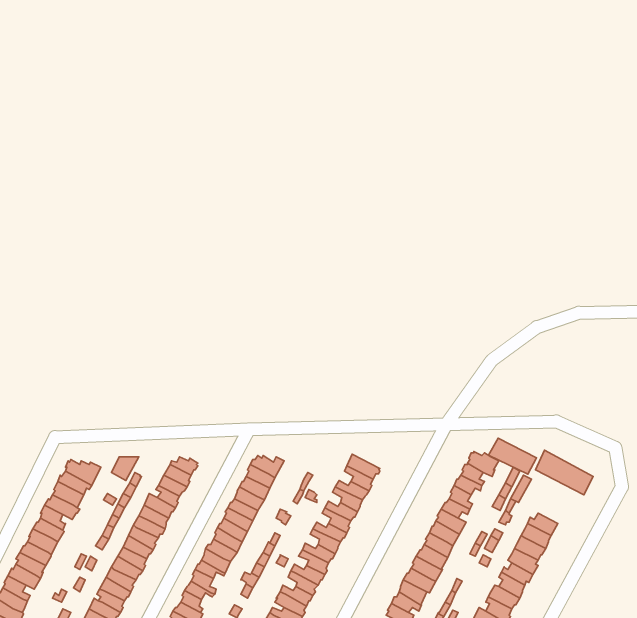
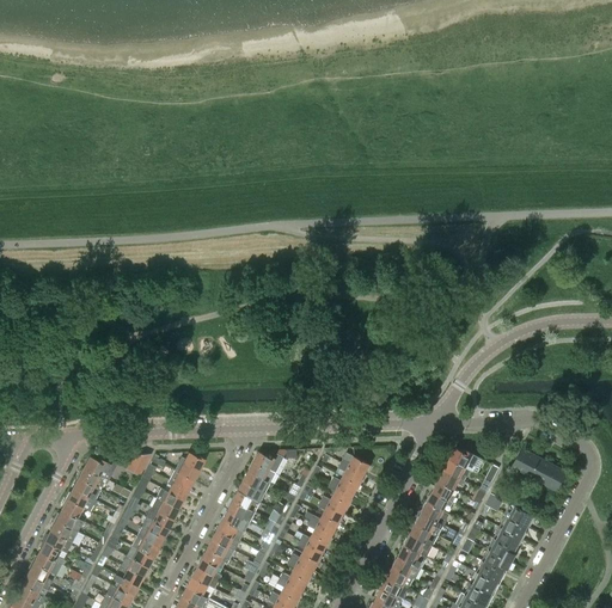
building: [489,438,537,474] -> none

